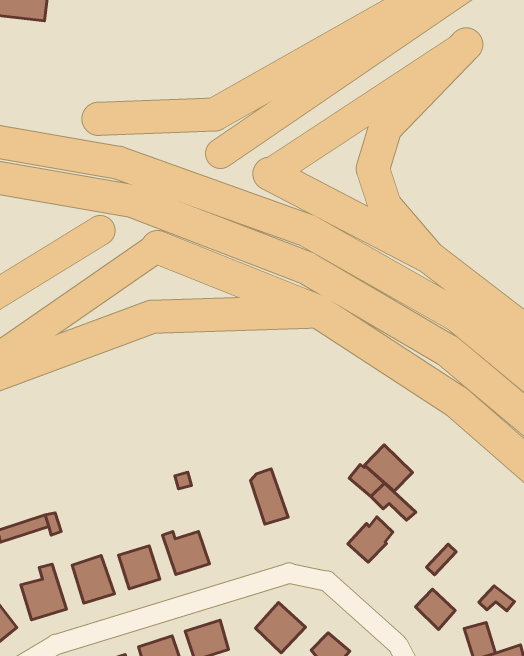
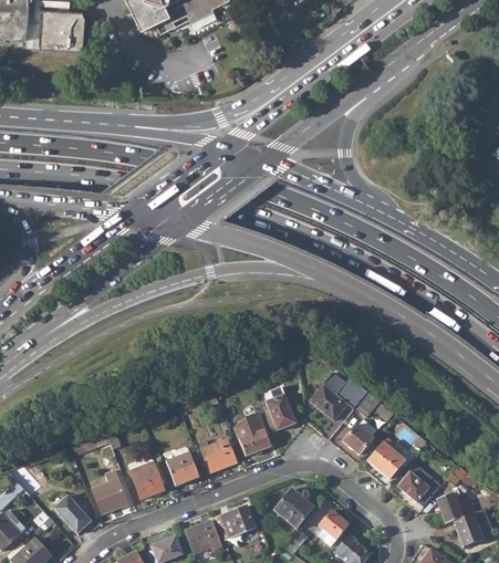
building: [364,445,413,491] -> [309,384,346,419]
building: none -> [235,413,271,456]
building: none -> [367,438,404,479]

